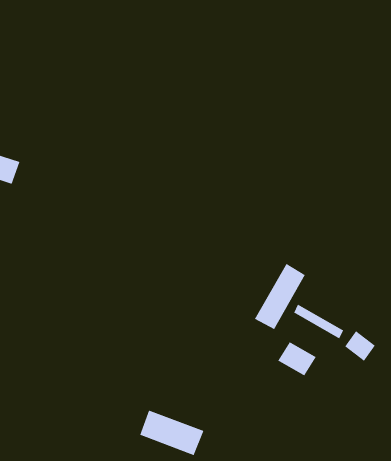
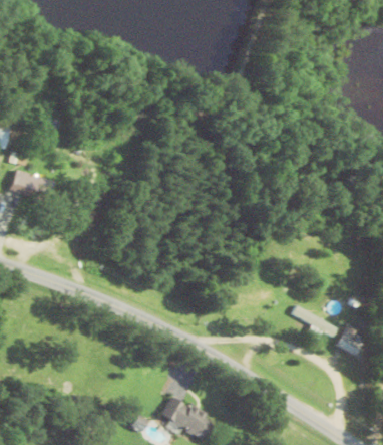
building: [254,263,306,330] -> none
building: [277,341,317,377] -> none

